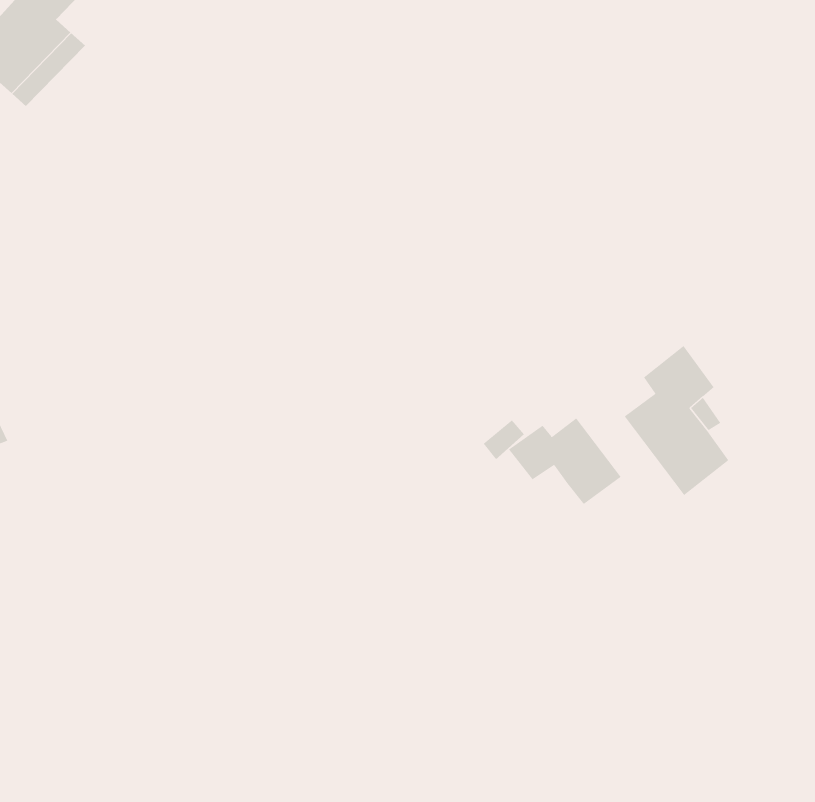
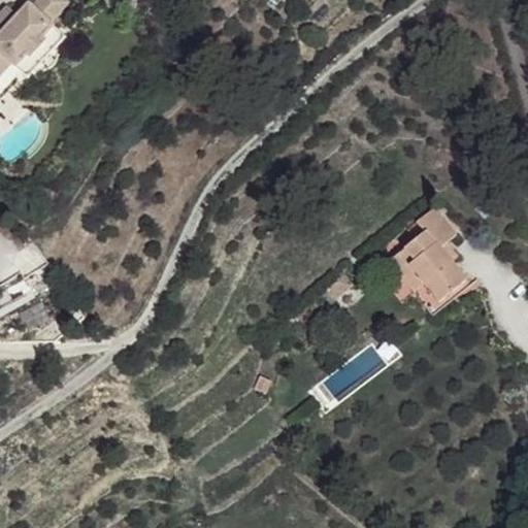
building: [508,417,622,505] -> none

